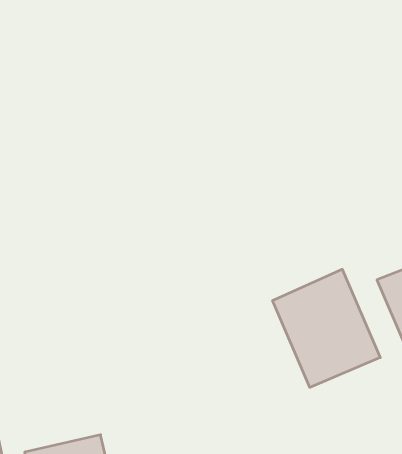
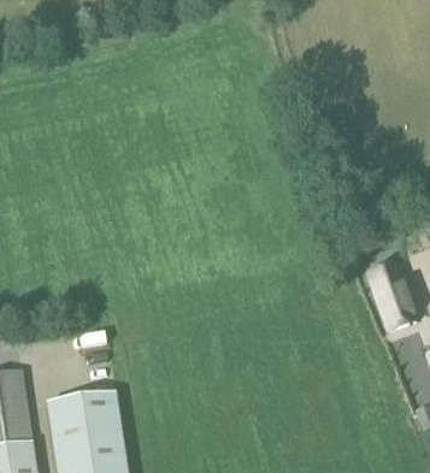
building: [273,269,380,387] -> none

